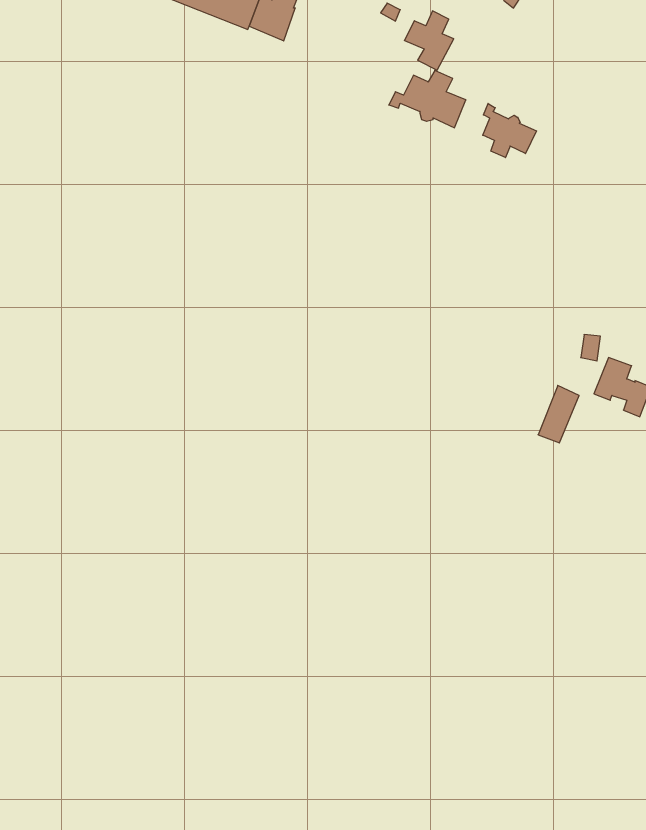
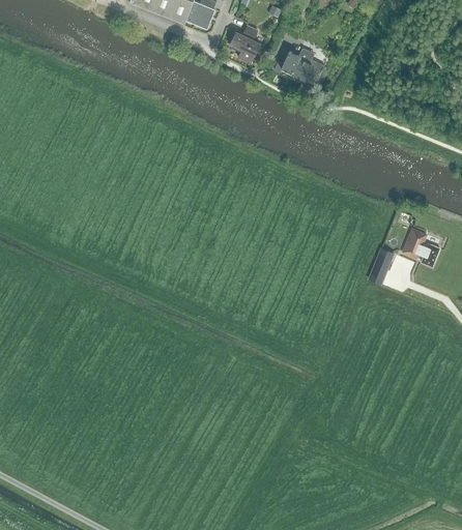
building: [404,11,454,70] -> [229,25,260,62]
building: [483,103,537,158] -> none

